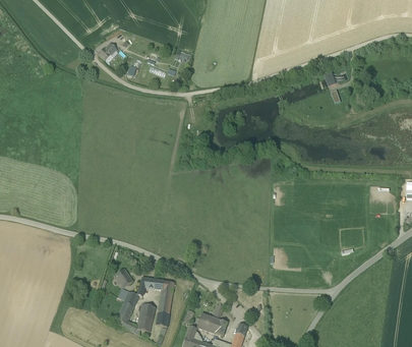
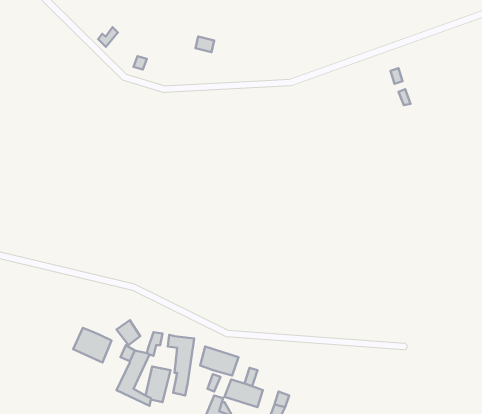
building: none -> [73,328,111,362]
building: none -> [200,346,238,375]

